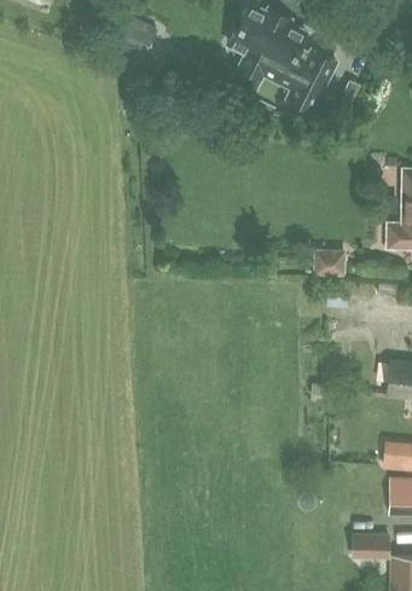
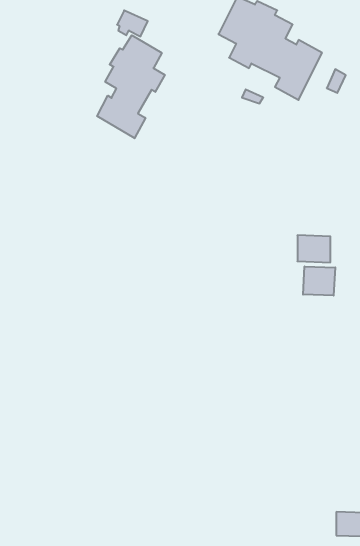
building: none -> [97,35,165,138]
building: none -> [303,266,335,296]

